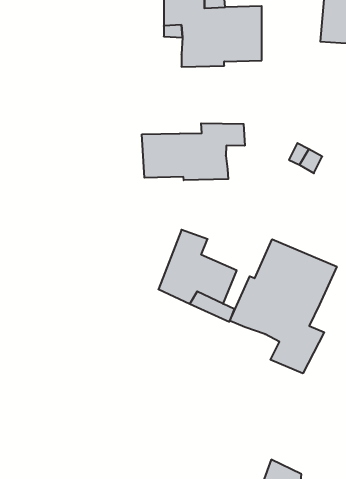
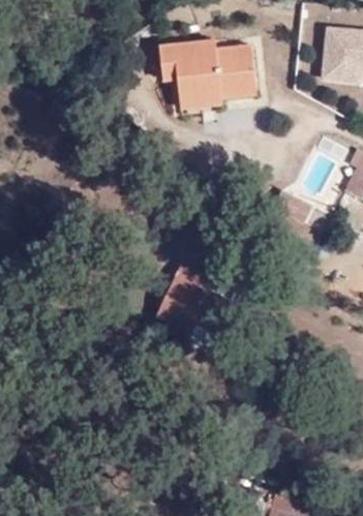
building: [142,123,245,180] -> none
building: [230,239,337,373] -> none

